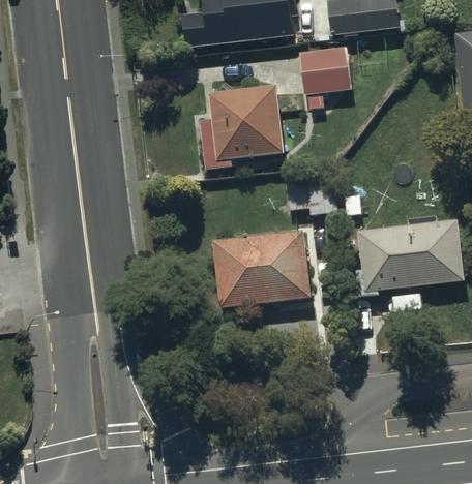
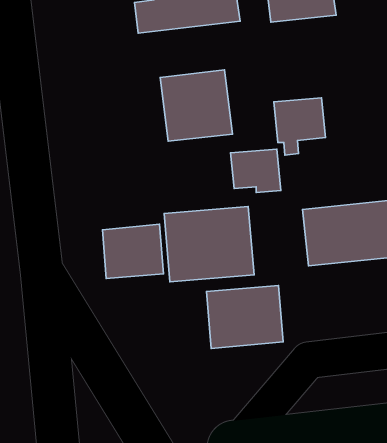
building: [298,47,352,107] -> [274,98,325,155]
building: none -> [102,224,164,278]
building: none -> [207,286,283,349]

